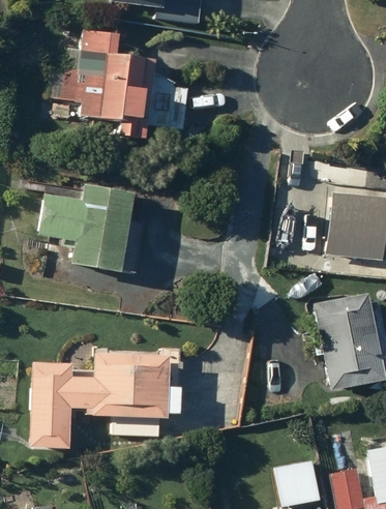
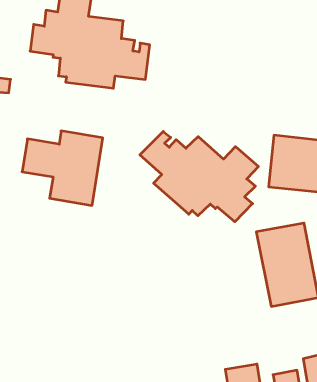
building: none -> [140,131,258,222]
building: [29,346,181,448] -> none

